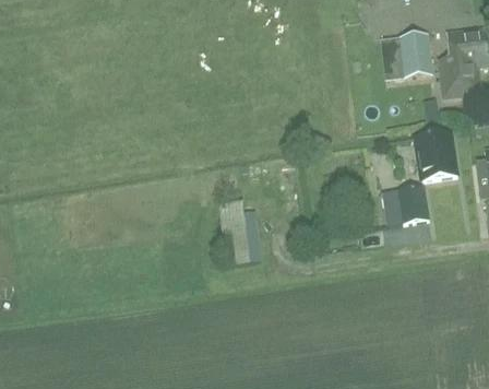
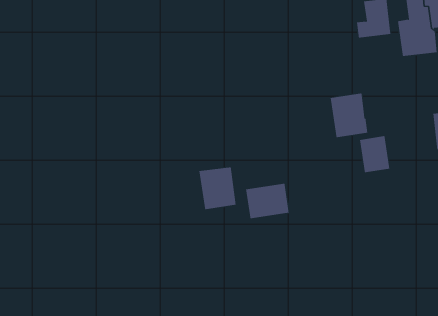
building: [415,131,456,180] -> [330,93,368,138]
building: none -> [246,183,289,219]

